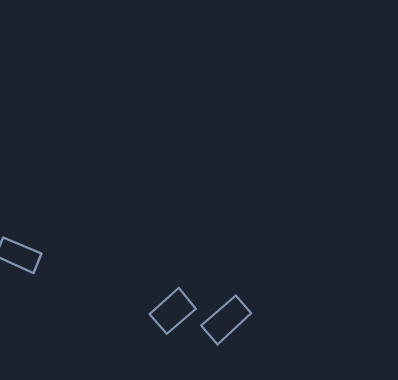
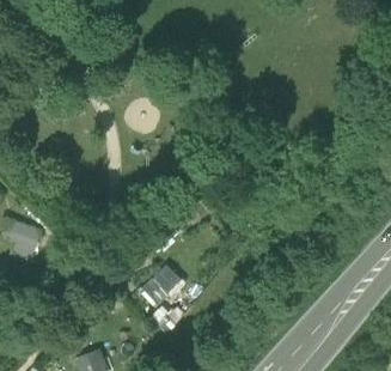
building: [201,296,251,345] -> none

